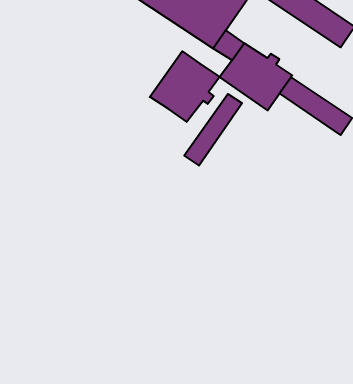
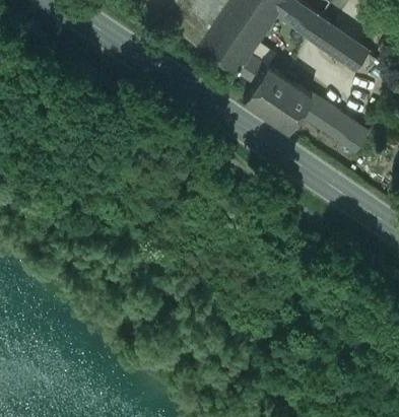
building: [150,51,219,122] -> none
building: [184,94,242,166] -> none

